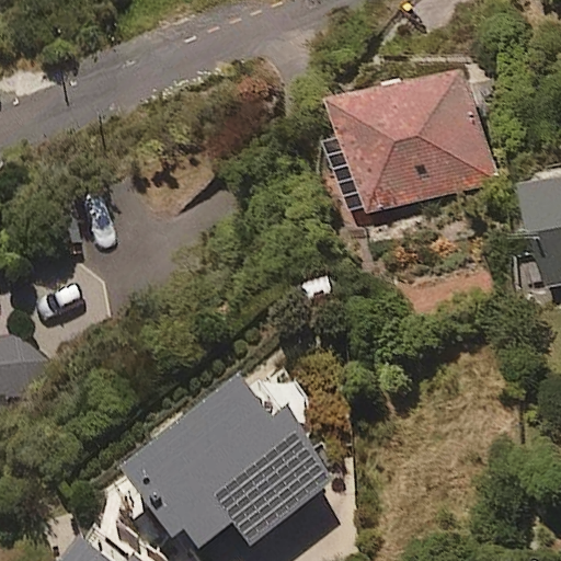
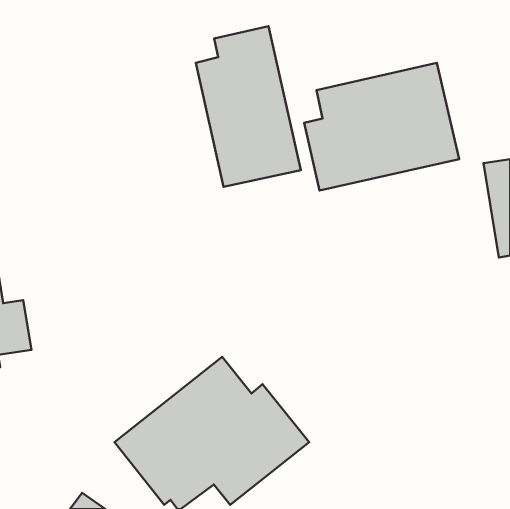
building: none -> [196,26,301,187]

